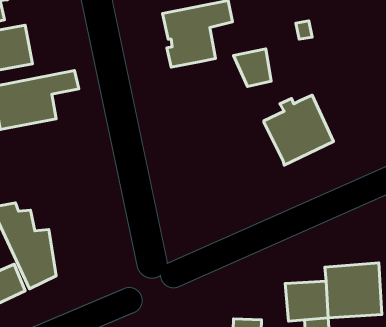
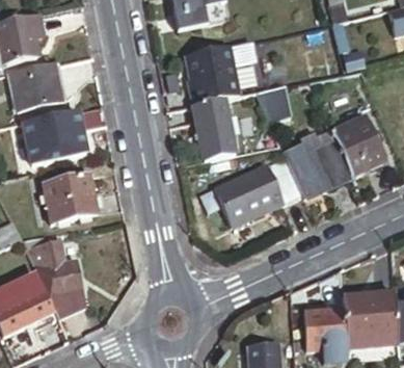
building: none -> [194,98,233,159]
building: none -> [330,116,384,175]
building: none -> [217,156,302,226]
building: none -> [43,175,97,221]

